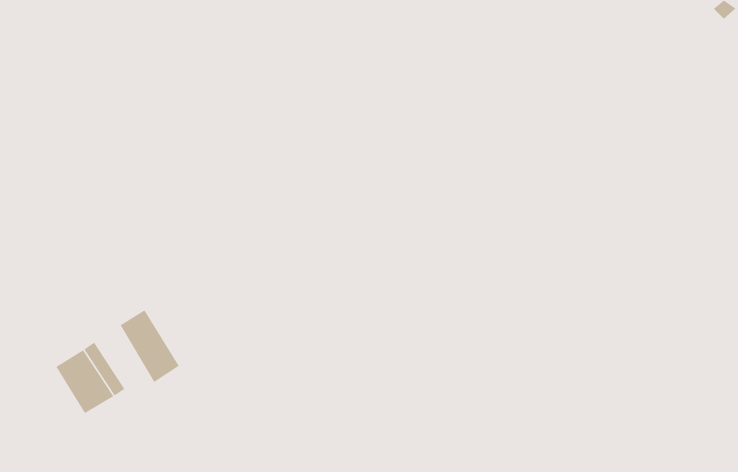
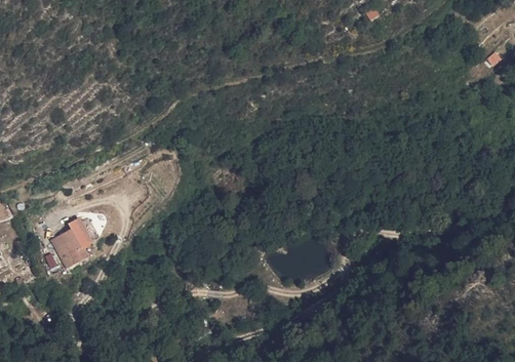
building: [120,310,179,383] -> none

